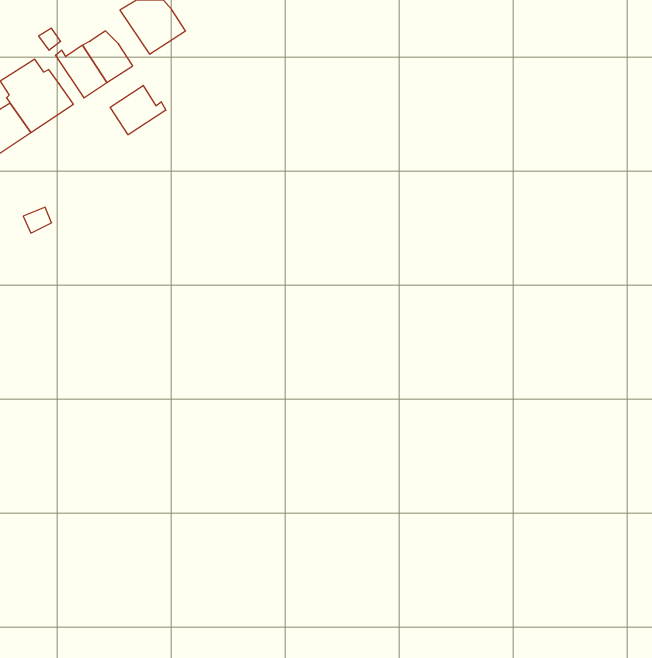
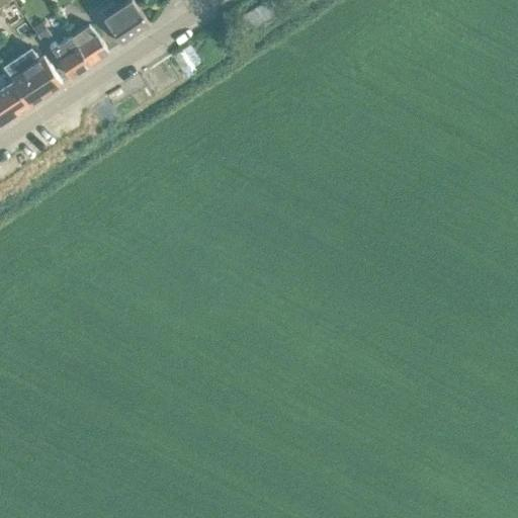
building: [110,85,166,135] -> none

